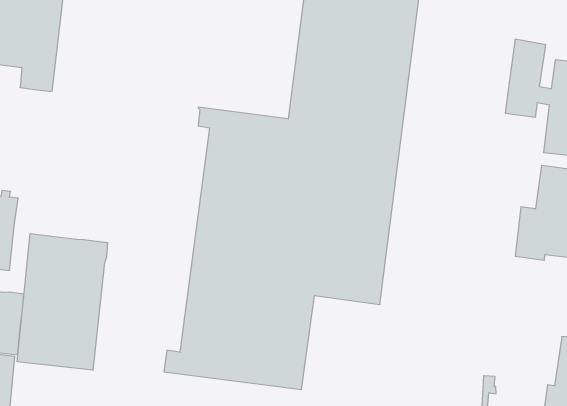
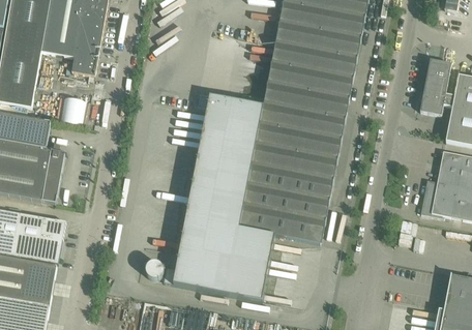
building: [17,234,108,370] -> none

